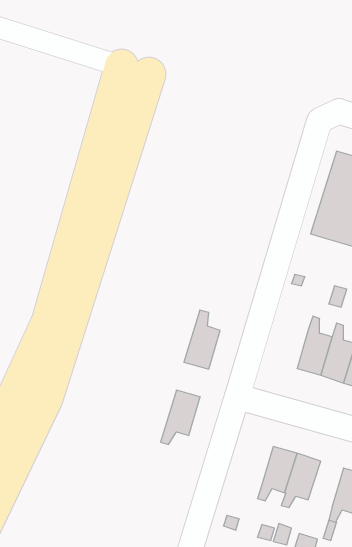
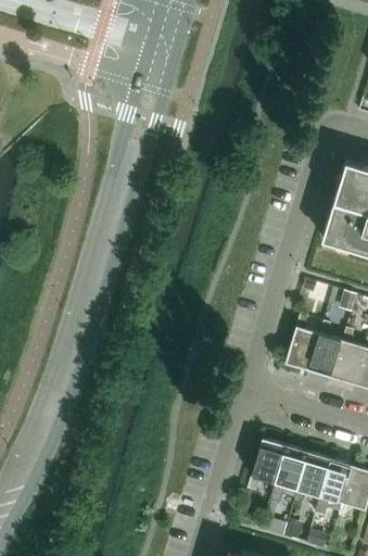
building: [184,310,220,369] -> [284,314,319,370]
building: [161,390,200,444] -> [248,439,285,491]
building: none -> [316,459,353,510]

